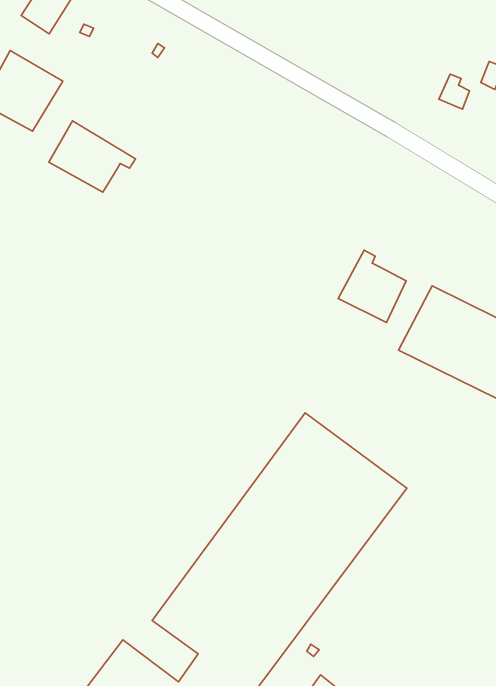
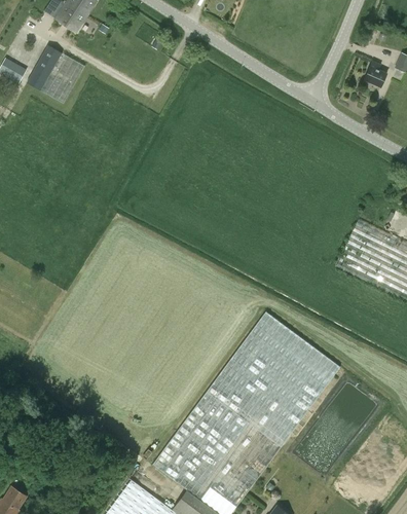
building: [49,121,135,192] -> none
building: [338,250,406,323] -> none

